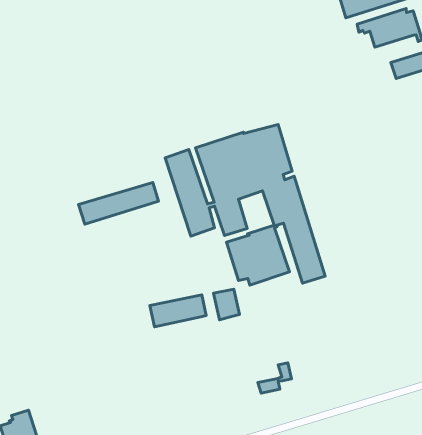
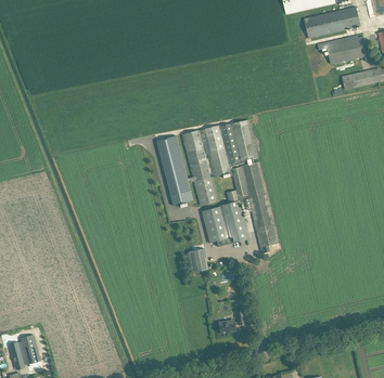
building: [79,182,159,224] -> none
building: [150,295,206,327] -> none

